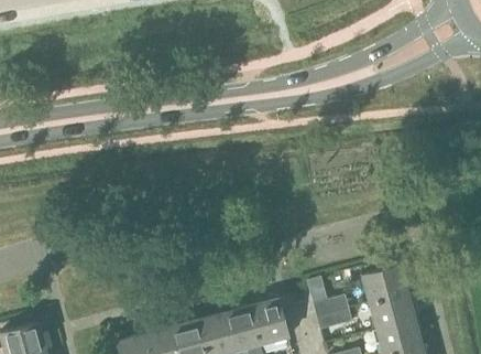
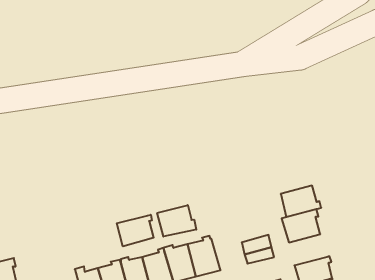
building: none -> [157,205,196,237]
building: none -> [117,215,154,246]
building: [370,294,418,332] -> [281,186,321,217]

